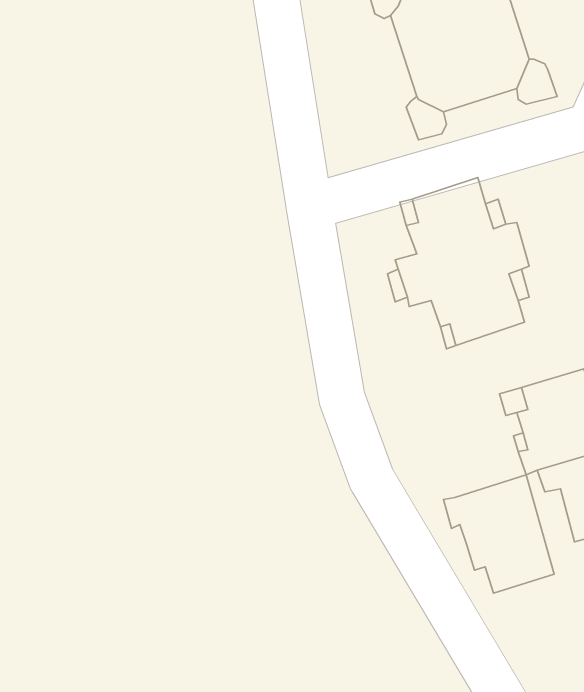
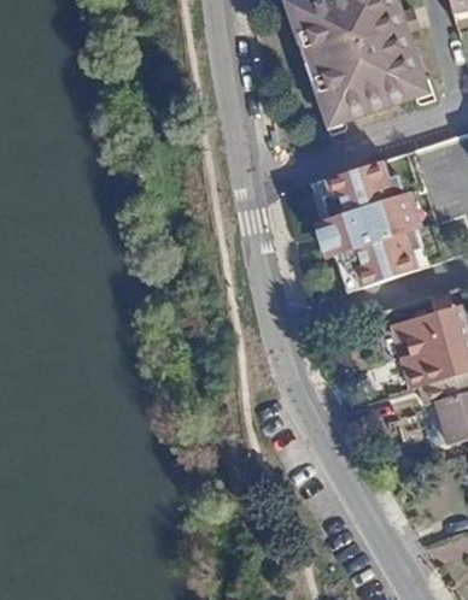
building: [443,475,554,593] -> none

